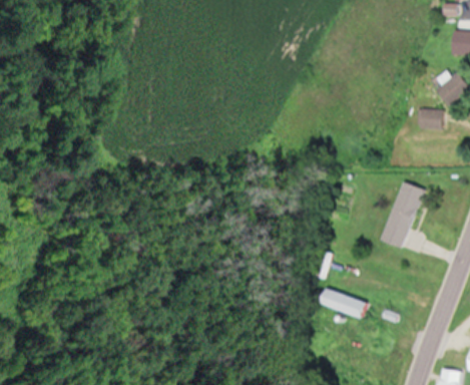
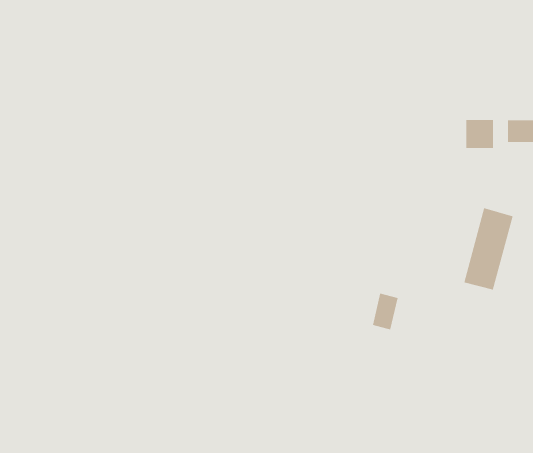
building: none -> [466,119,494,149]
building: [323,289,372,319] -> none

